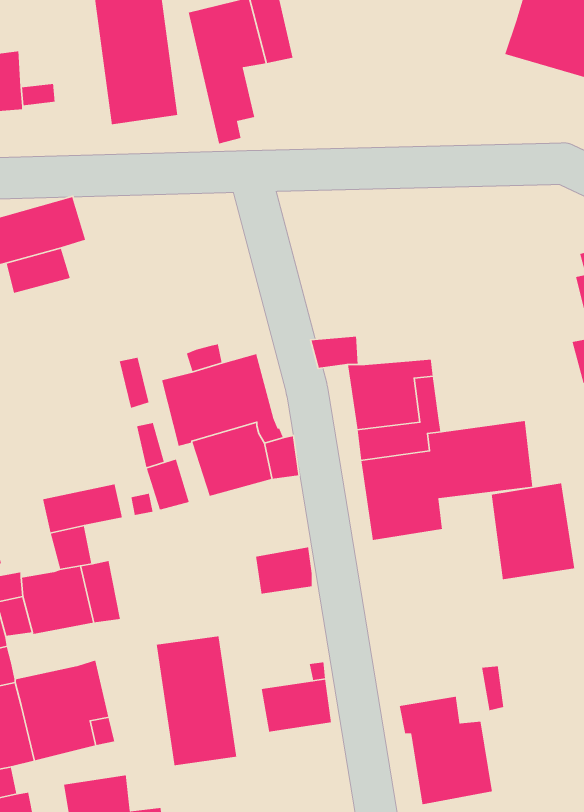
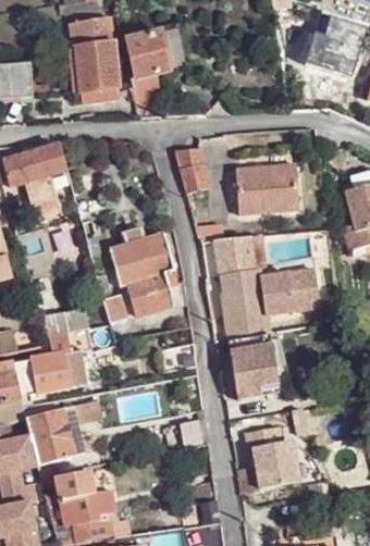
building: none -> [174,148,208,193]
building: none -> [237,163,299,213]
building: [491,483,575,580] -> [226,335,274,390]
building: [156,635,237,766] -> none

